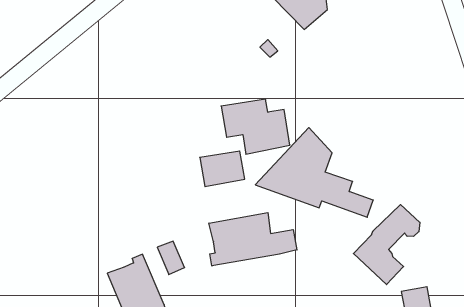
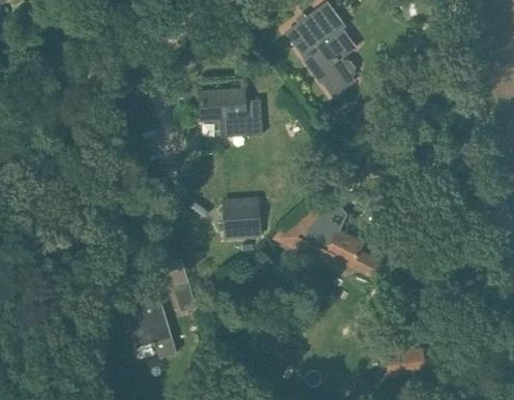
building: [221,99,290,154] -> [200,87,261,136]
building: [353,205,420,285] -> none
building: [209,213,297,266] -> none

